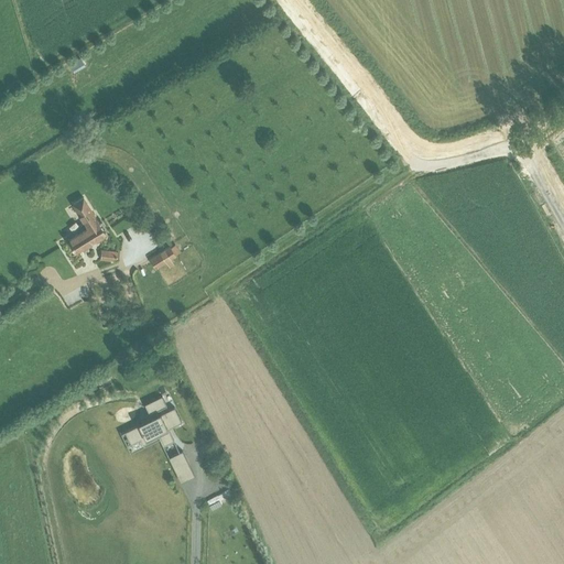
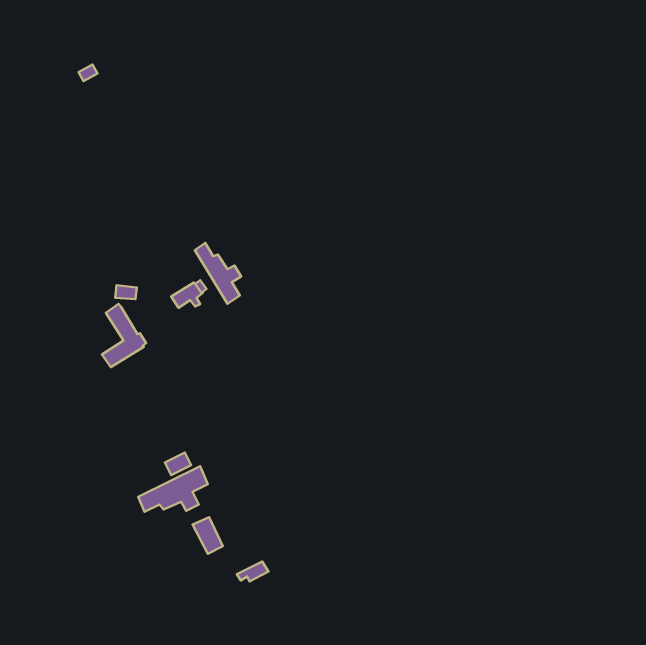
building: [68,197,107,252] -> [102,304,146,367]
building: none -> [195,243,241,304]

